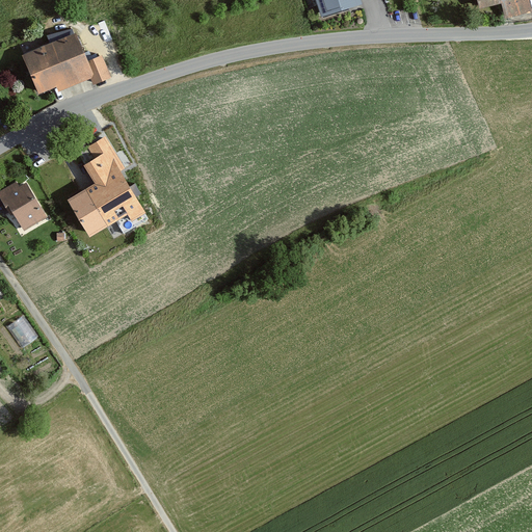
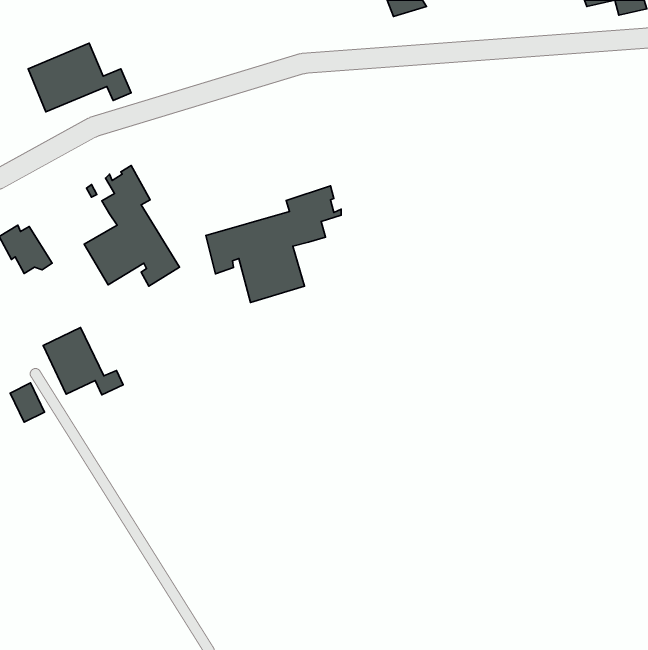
building: none -> [206,186,341,303]
building: none -> [43,327,123,395]

